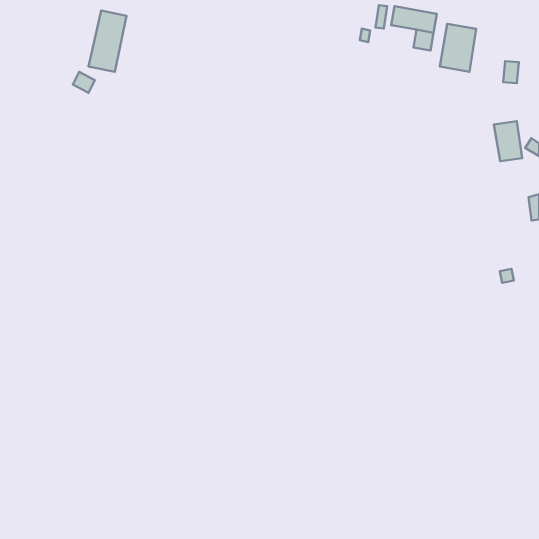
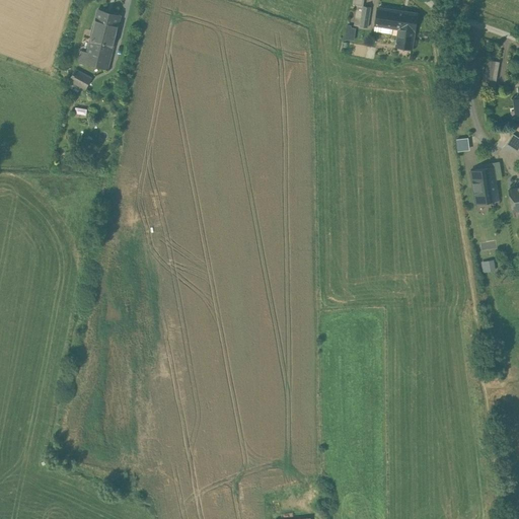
building: [440,24,476,72] -> none
building: [494,121,522,161] -> [469,166,497,205]

